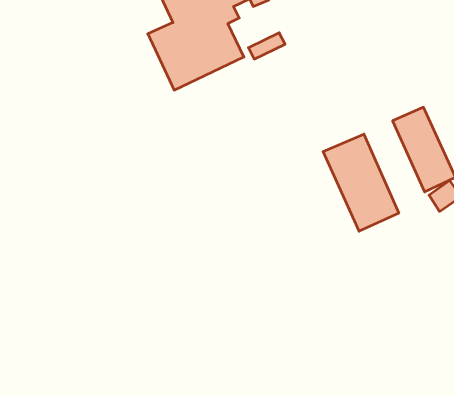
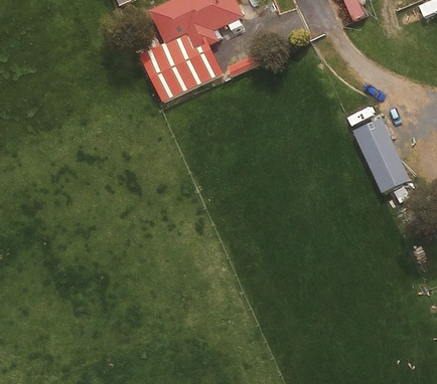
building: [323,134,399,231] -> none

